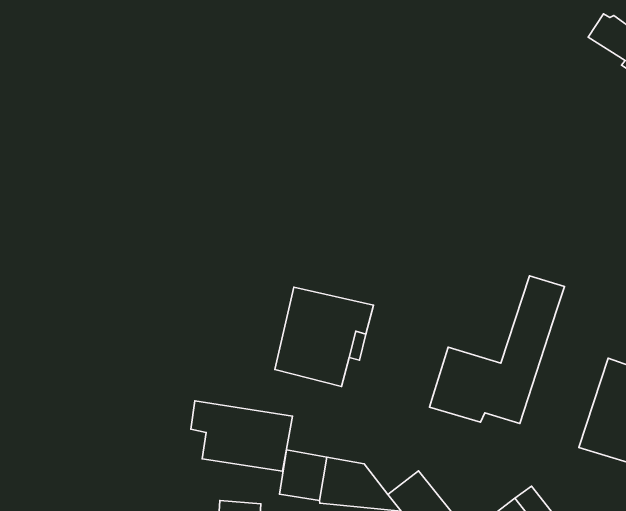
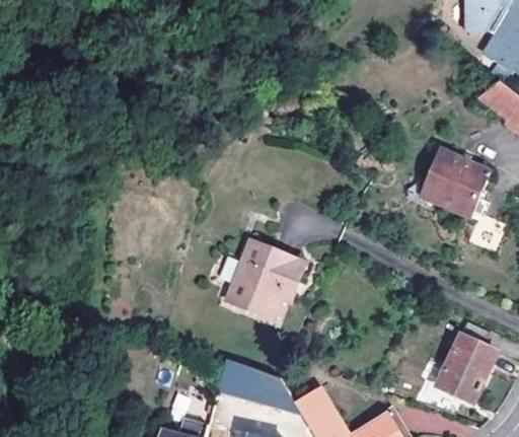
building: none -> [416,143,488,211]
building: [429,276,565,423] -> none
building: [191,401,293,471] -> none

